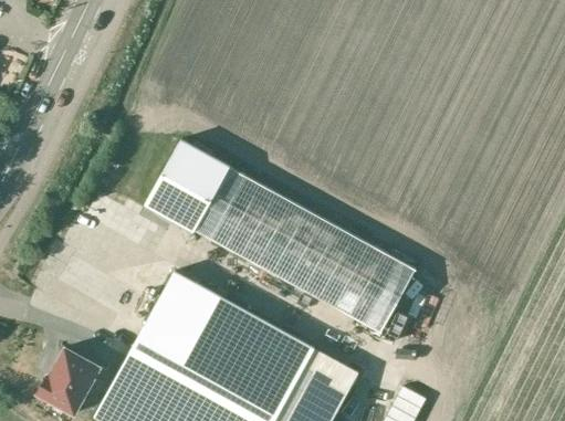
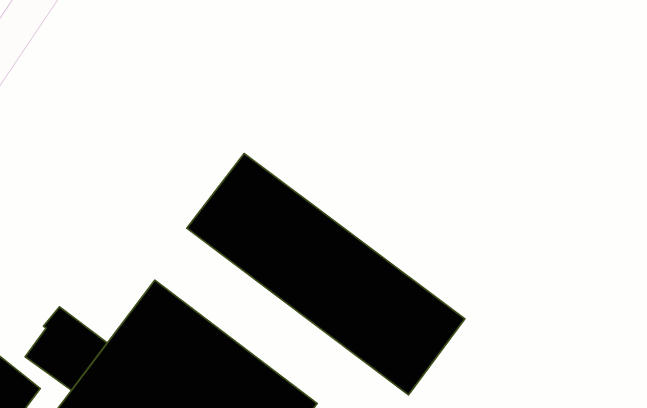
building: [145,140,228,230] -> none
building: none -> [25,307,107,390]

